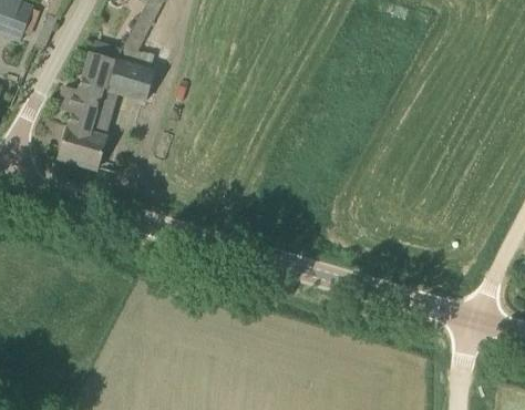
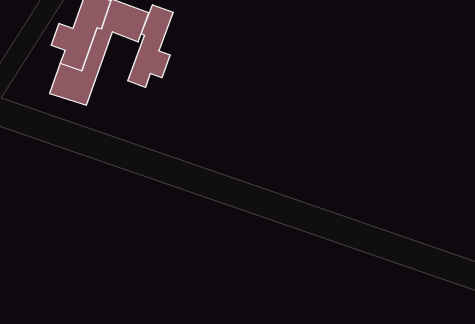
building: none -> [128,5,173,87]

